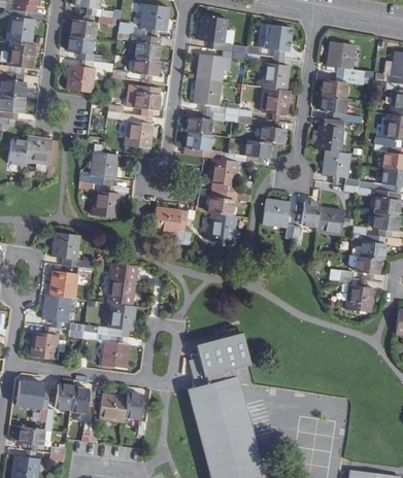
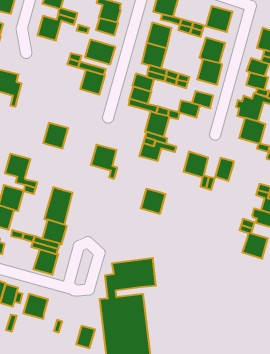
building: [79,150,117,185] -> none
building: [316,207,343,234] -> none
building: [208,213,235,240] -> [141,189,166,214]
building: [123,392,142,417] -> [76,326,95,348]

